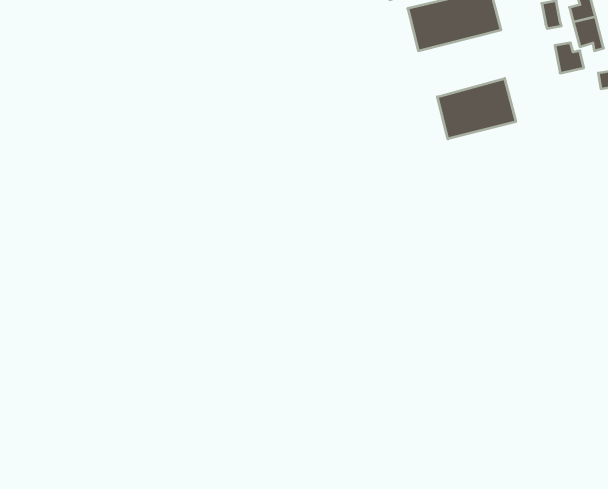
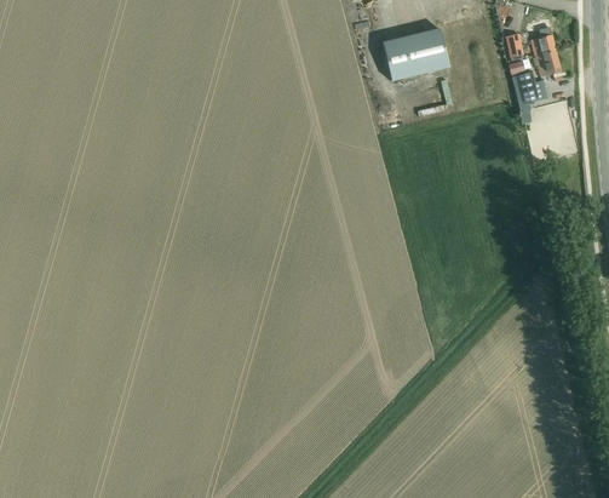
building: [437,78,516,139] -> none

